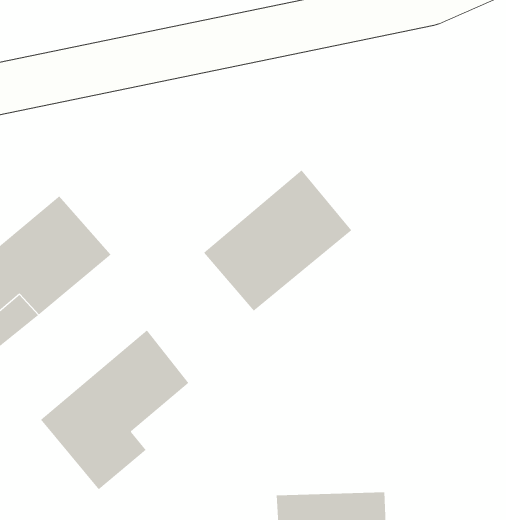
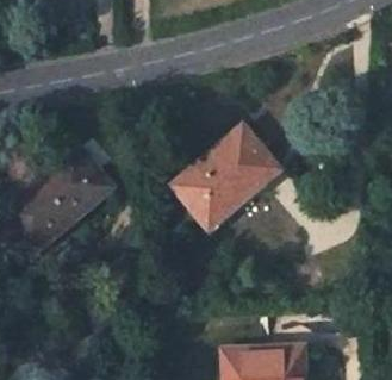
building: [40,330,189,490] -> none

